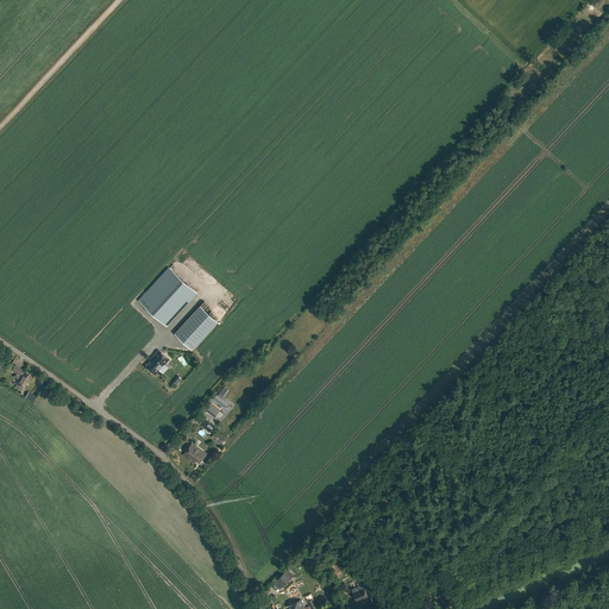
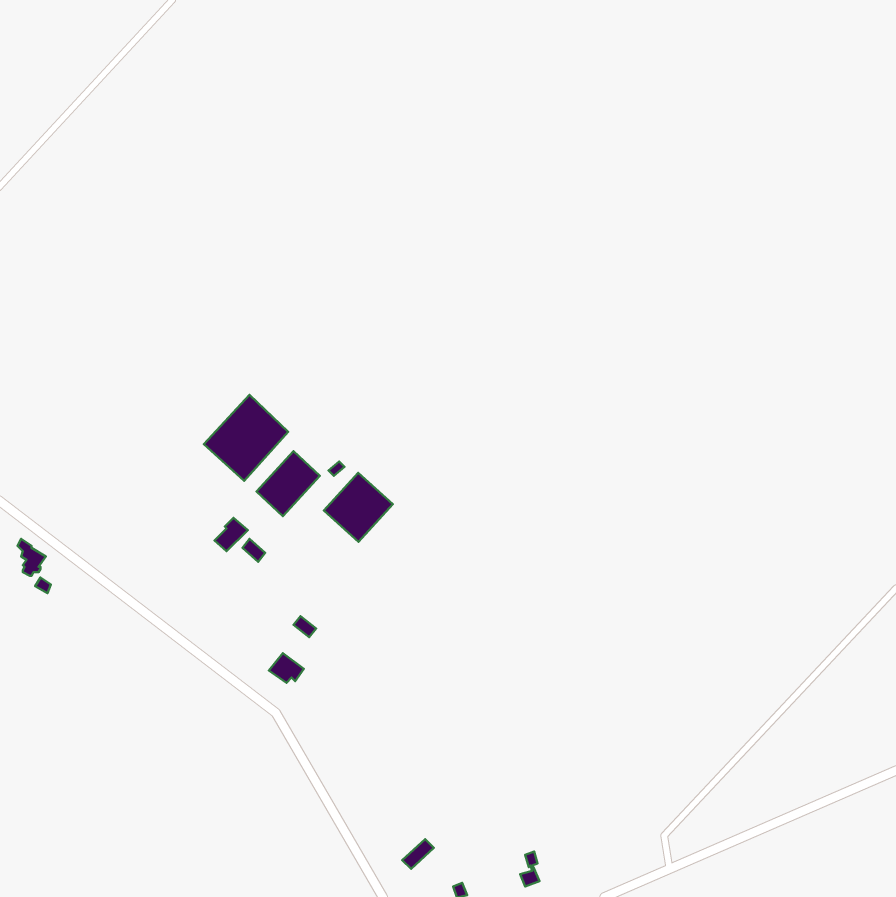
building: none -> [324,473,393,542]

